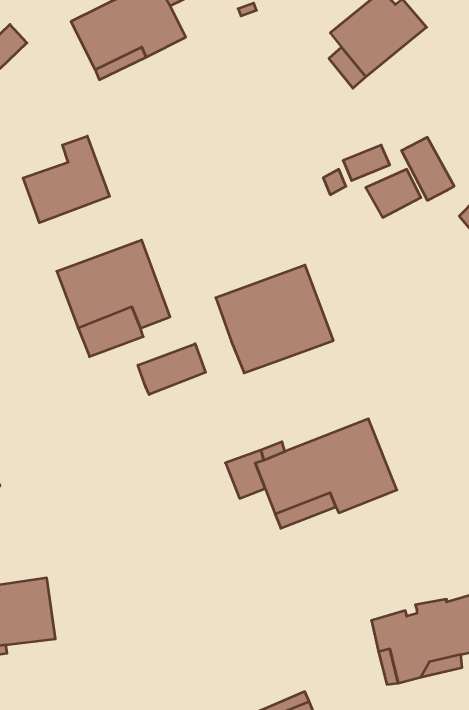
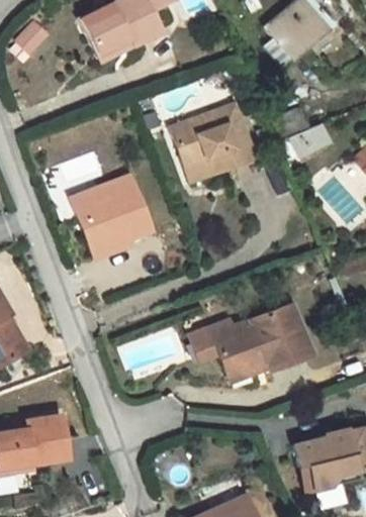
building: [23,136,110,223] -> none
building: [402,137,454,200] -> none
building: [216,265,333,373] -> [171,103,255,180]
building: [138,344,206,395] -> none

